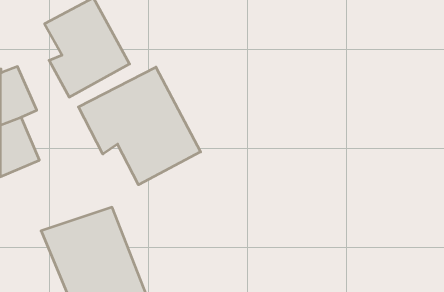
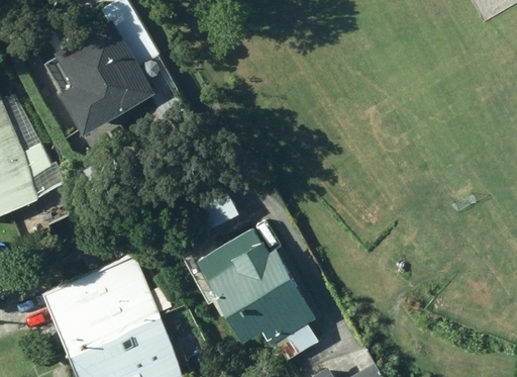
building: [78,67,201,185] -> none
building: none -> [198,230,311,343]

